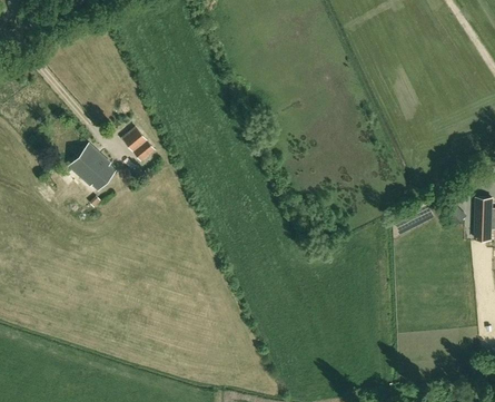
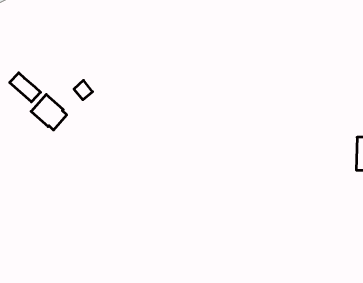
building: none -> [10,73,41,102]

